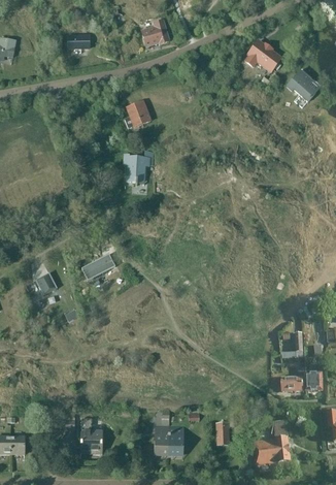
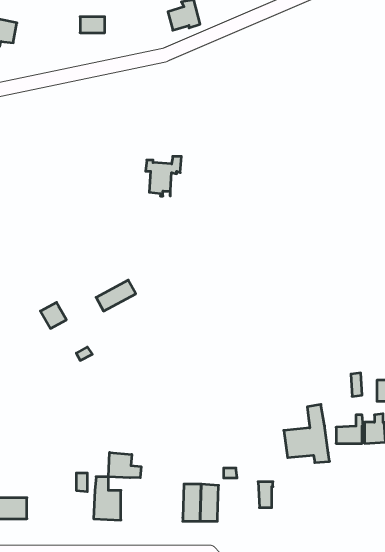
building: [243,38,282,73] -> none
building: [285,70,315,100] -> none
building: [125,100,150,127] -> none
building: none -> [108,452,141,478]
building: [254,419,292,467] -> [284,404,330,463]

